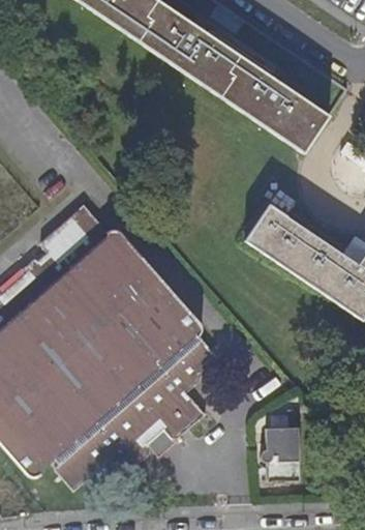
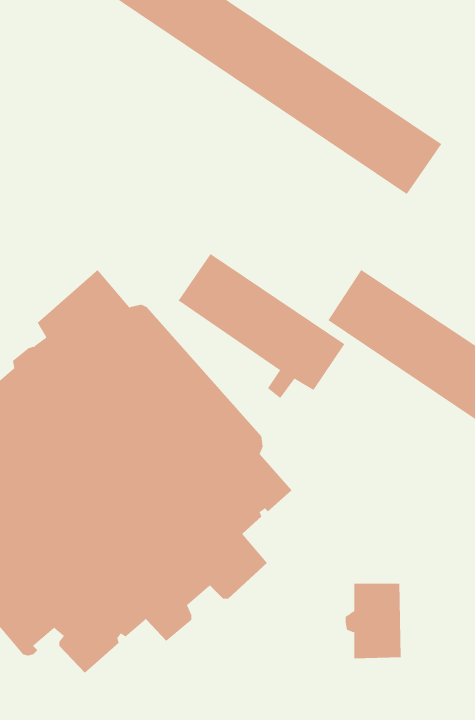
building: none -> [178,253,345,399]

